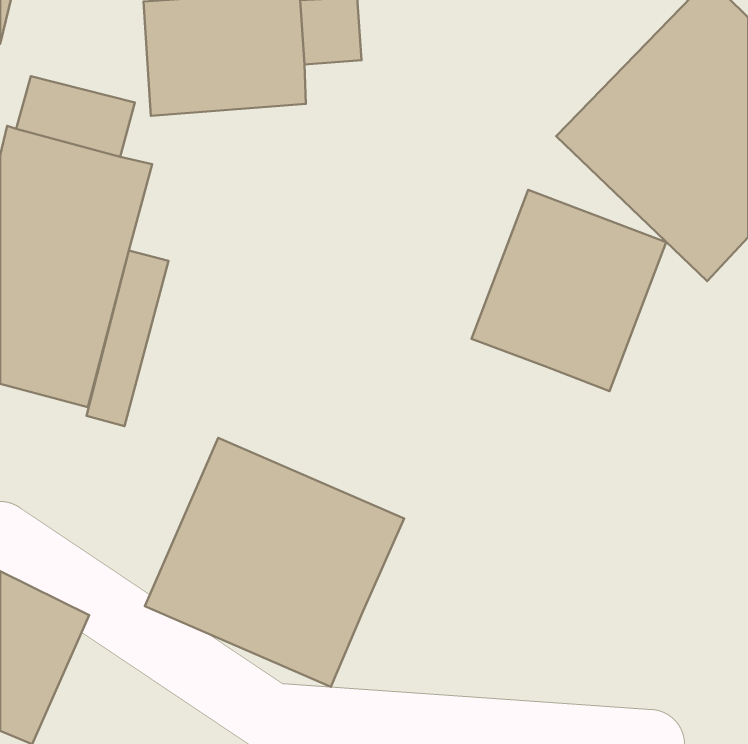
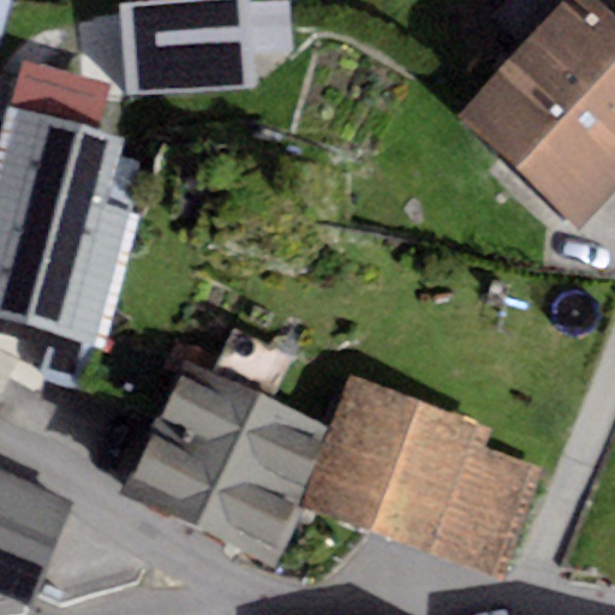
building: [472,190,666,391] -> none
building: none -> [298,369,545,579]

